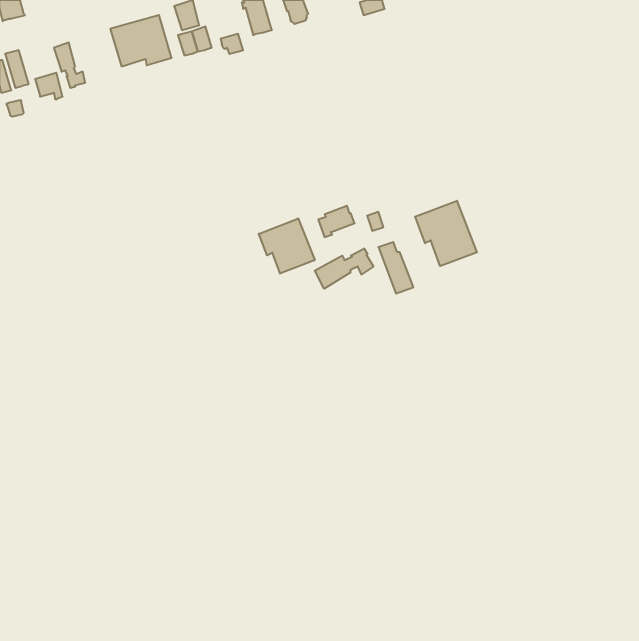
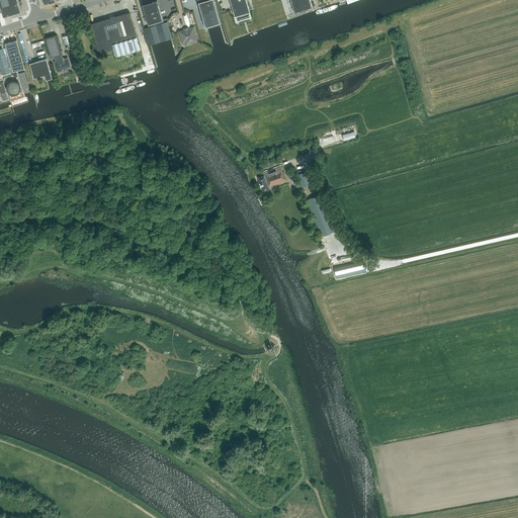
building: [415,201,477,266] -> none
building: [259,218,315,274] -> none
building: [315,248,373,289] -> none

